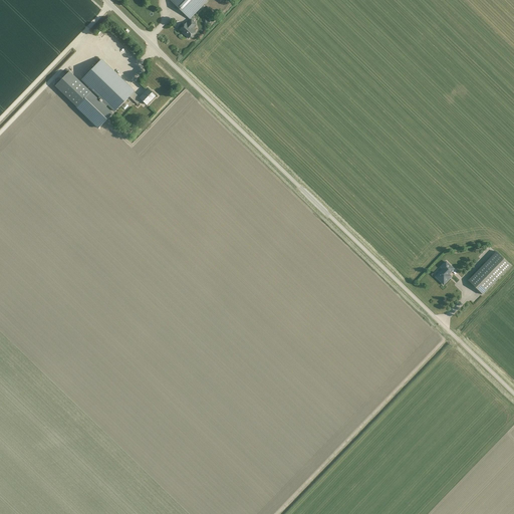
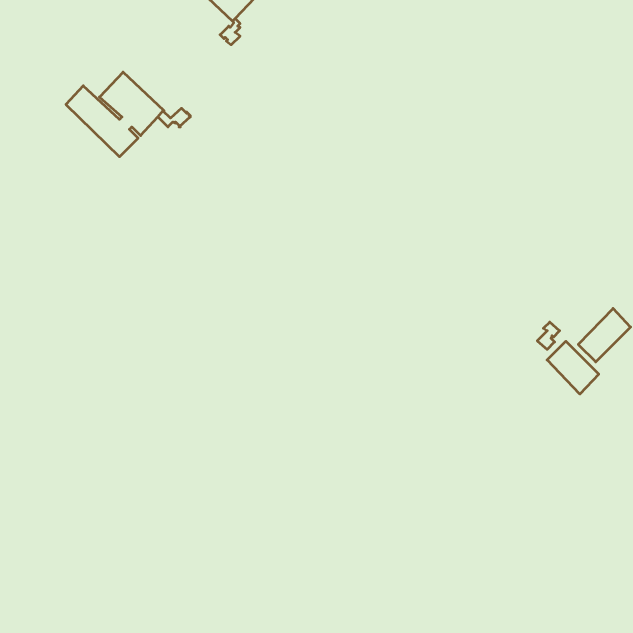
building: none -> [547,341,599,394]

